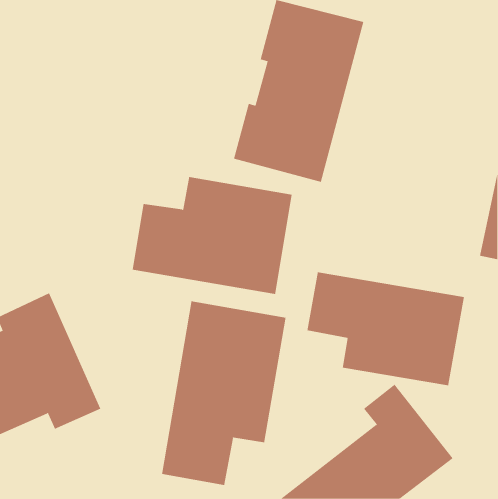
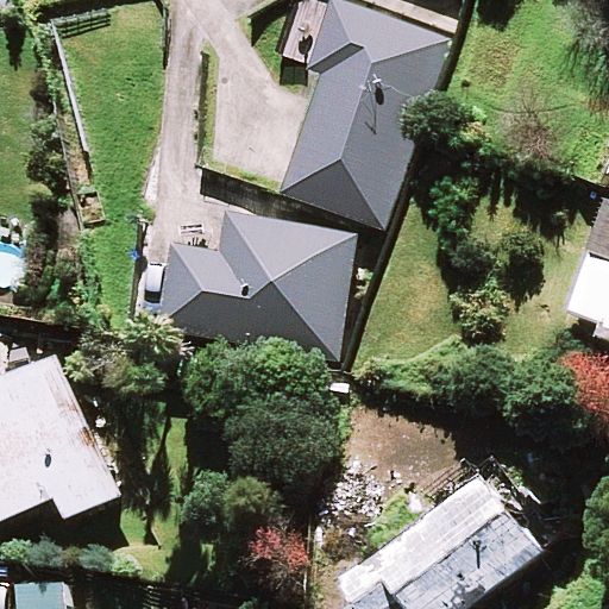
building: [307,272,464,386] -> none
building: [161,301,286,486] -> none

